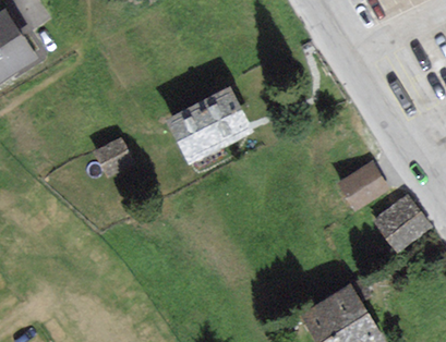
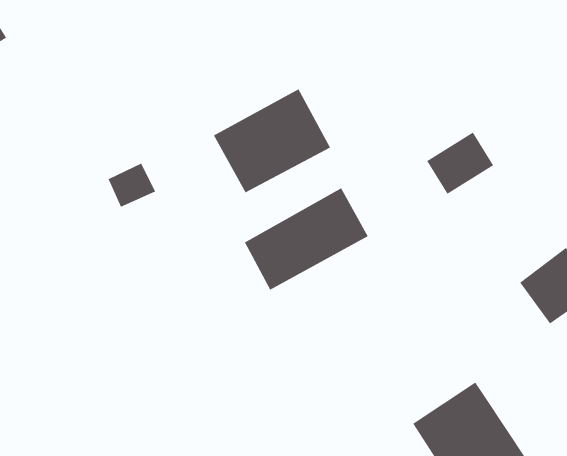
building: none -> [244,187,369,291]
building: [340,164,386,207] -> [426,132,494,195]

